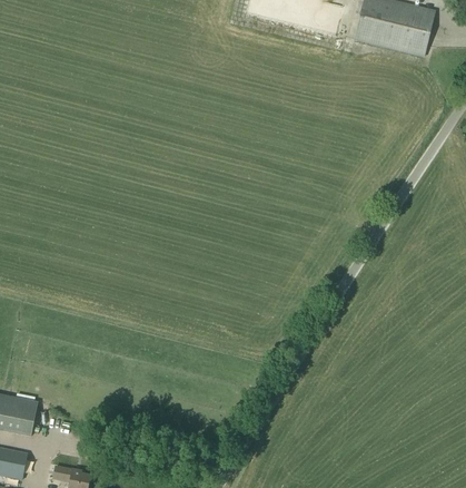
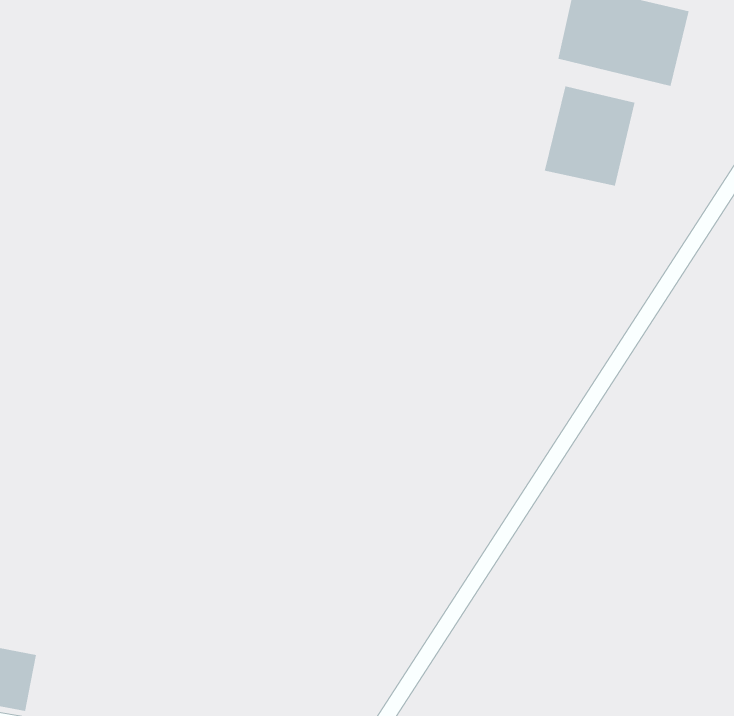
building: none -> [544,85,635,186]

